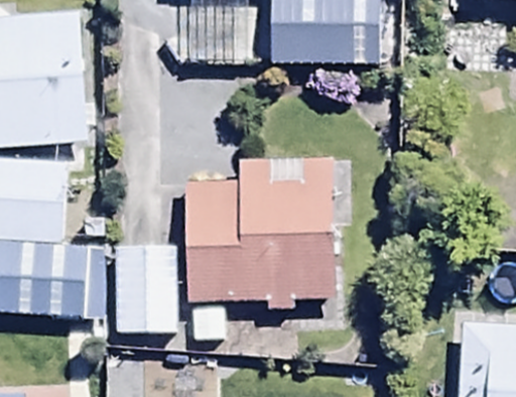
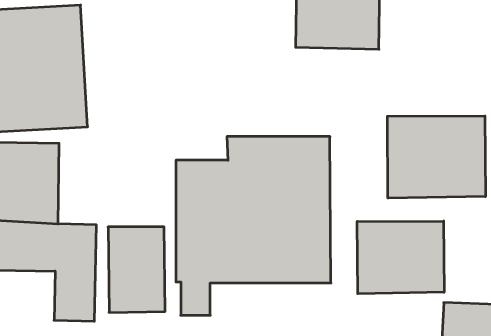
building: none -> [387,116,485,198]
building: none -> [357,221,444,294]

